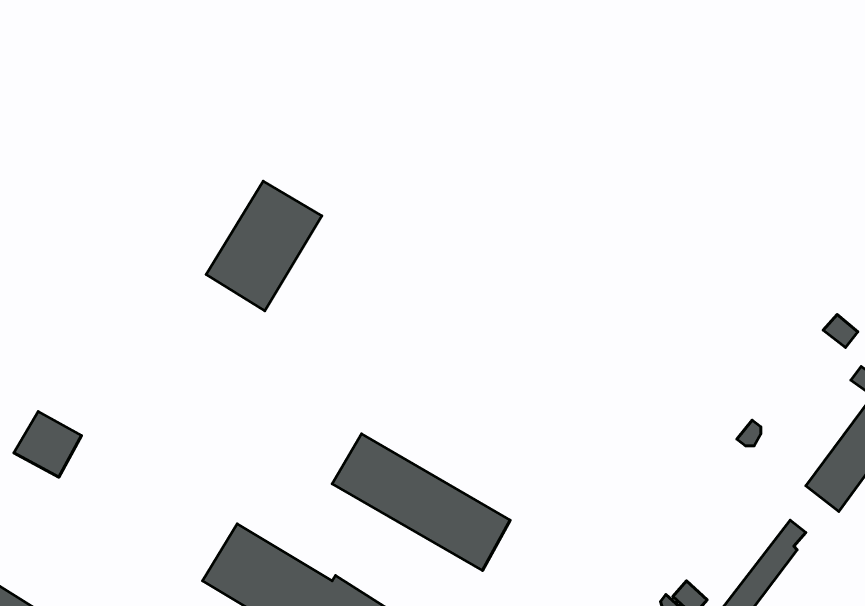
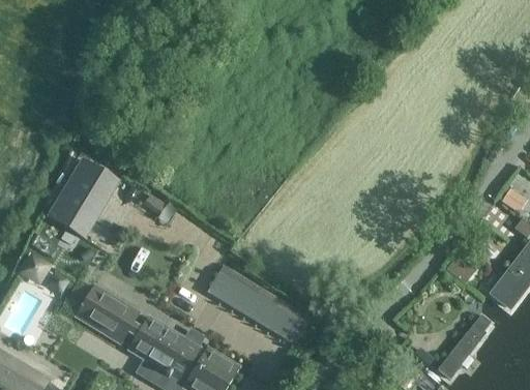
building: [206,181,322,311] -> [49,159,118,237]
building: none -> [76,284,139,343]

